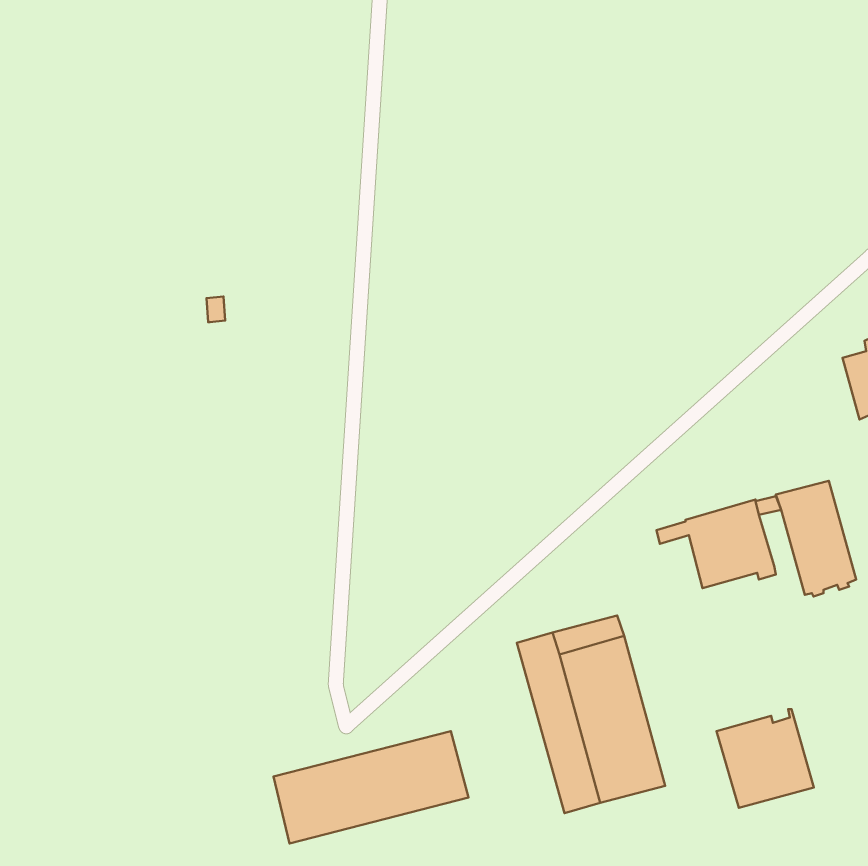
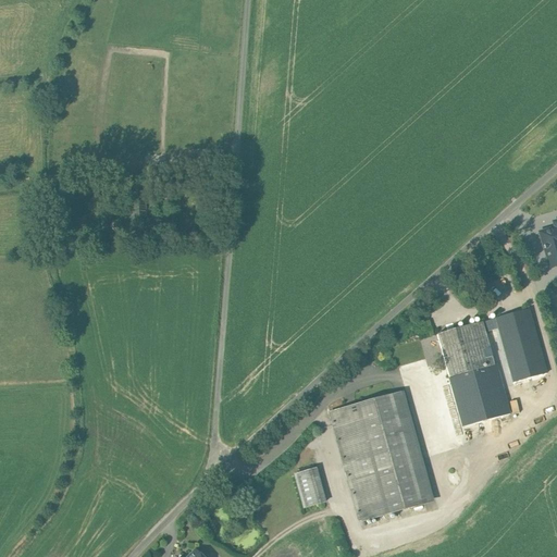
building: [717,709,814,808] -> [450,361,512,424]
building: [273,731,469,844] -> none
building: none -> [296,467,327,506]

